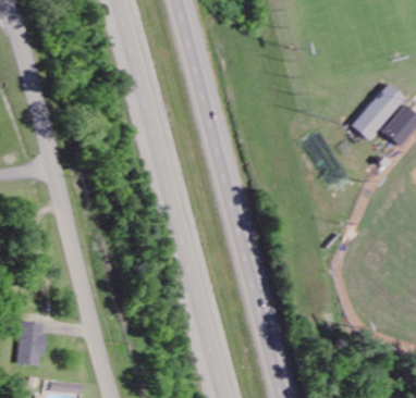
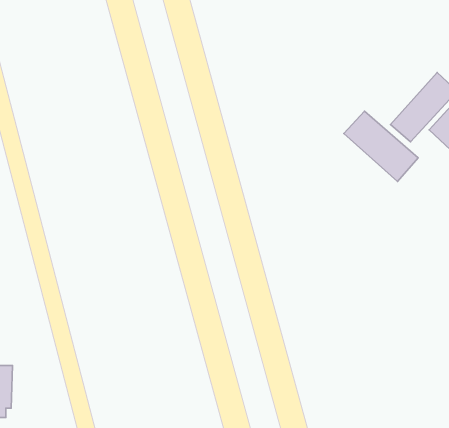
building: none -> [344,111,418,182]

